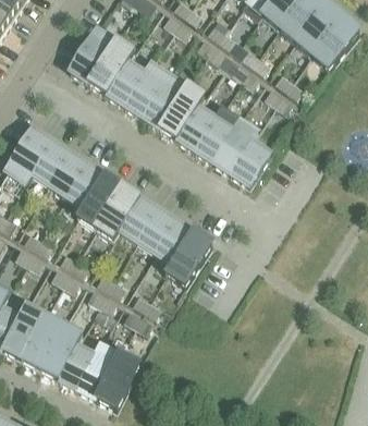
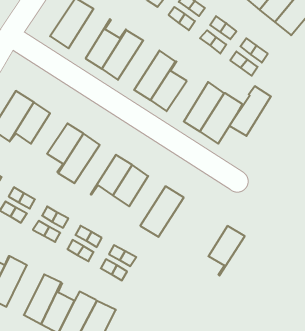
building: [89,40,134,94] -> none
building: [143,74,187,127] -> none
building: [195,108,240,161] -> [229,86,271,136]
building: [49,153,88,196] -> none
building: [96,186,140,240] -> none
building: [155,220,194,273] -> [208,226,245,276]
building: [23,316,63,369] -> none

